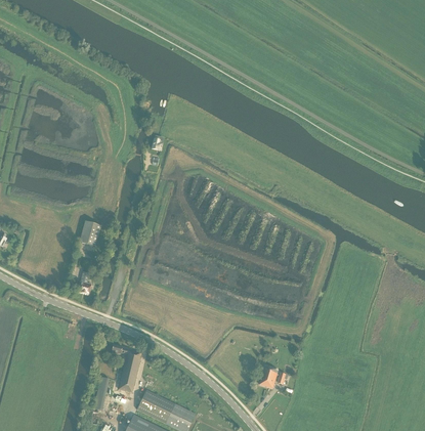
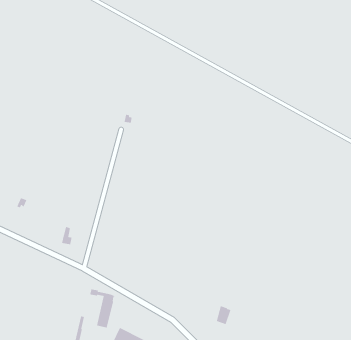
building: [77,220,99,246] -> none

